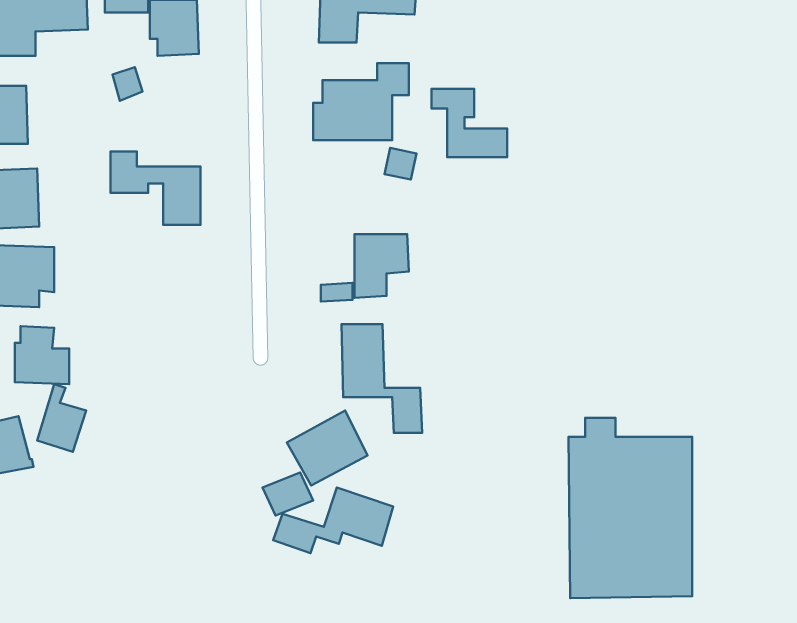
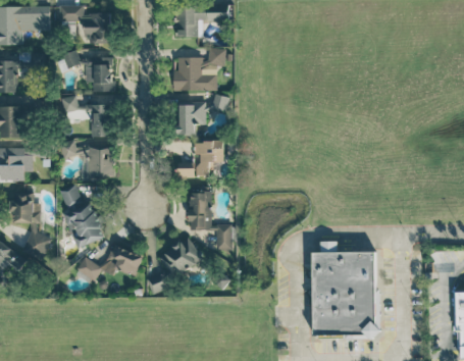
building: none -> [85,57,112,92]
building: [432,89,507,157] -> none
building: none -> [176,101,205,135]
building: none -> [60,141,113,177]
building: none -> [59,184,104,248]
building: [273,488,393,553] -> [76,244,142,279]

